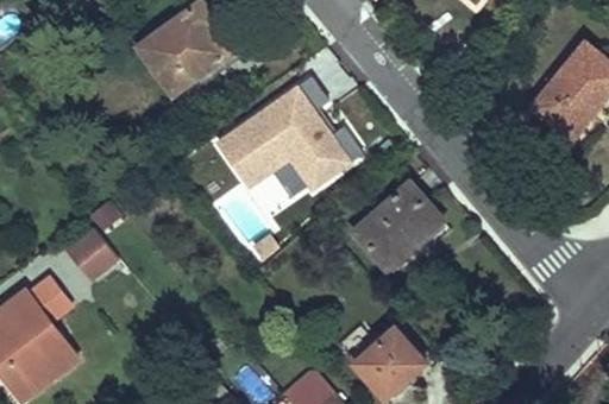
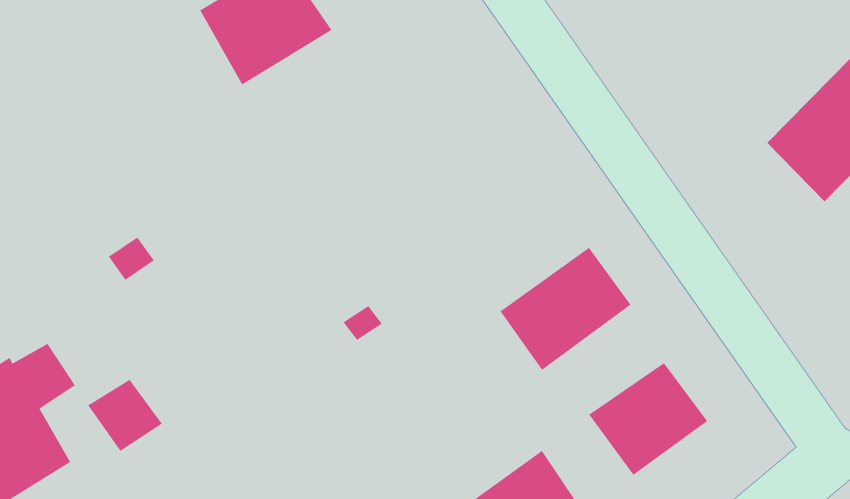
building: [215,75,359,190] -> none
building: [67,229,119,279] -> [87,379,163,452]
building: none -> [588,362,708,476]

